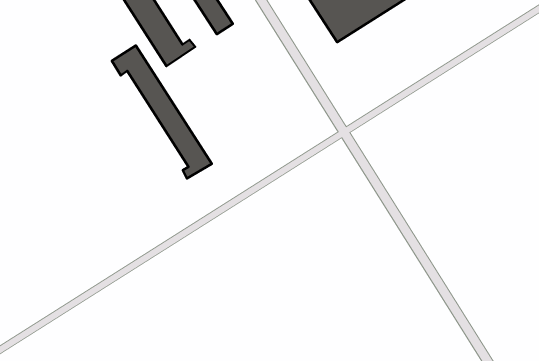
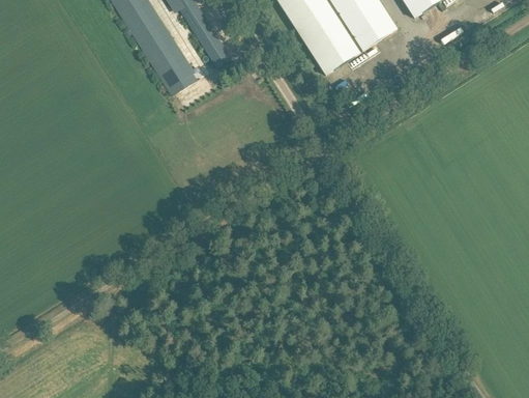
building: [112,46,212,179] -> none

